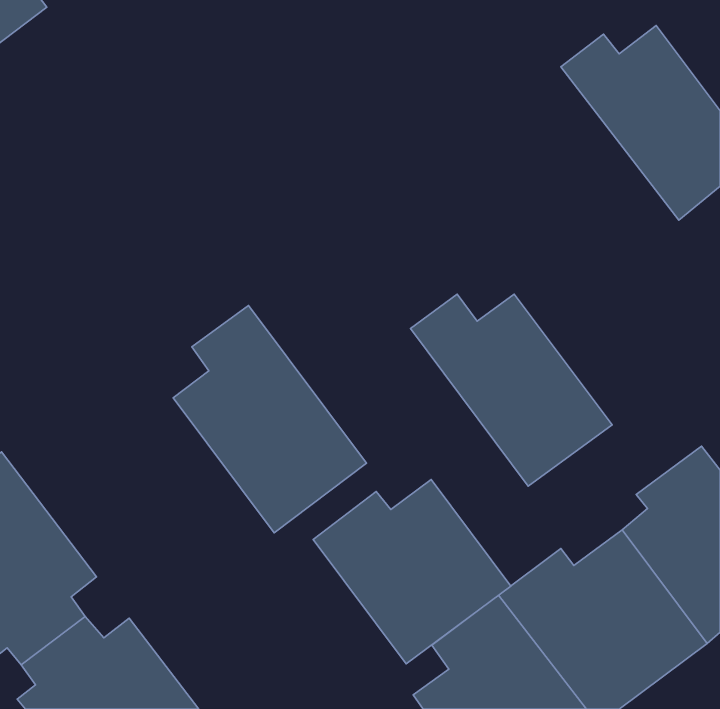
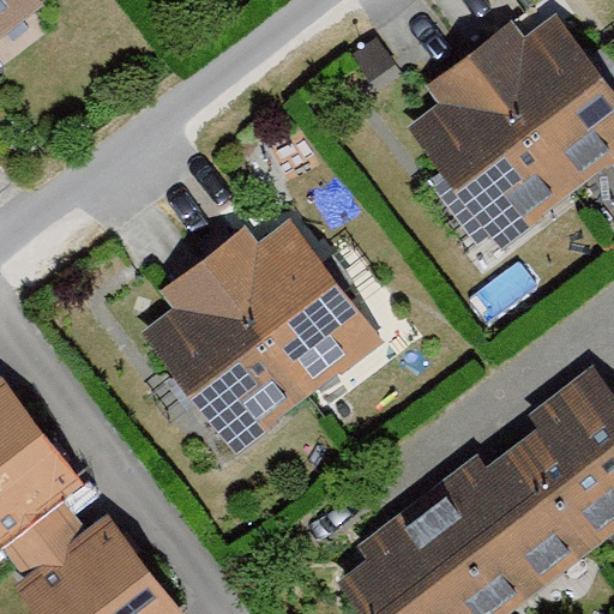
building: none -> [414,56,573,241]
building: [410,294,612,486] -> [210,229,380,391]
building: [313,480,511,664] -> none

